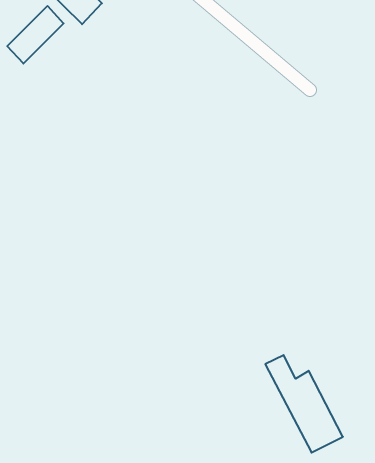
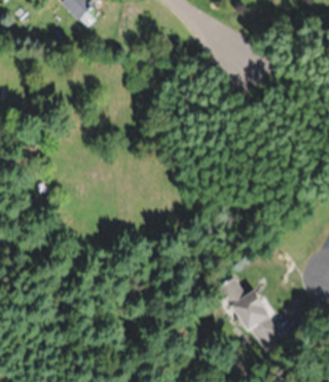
building: [7,6,64,64] -> none

